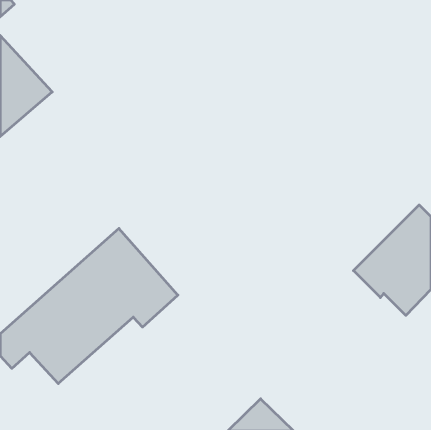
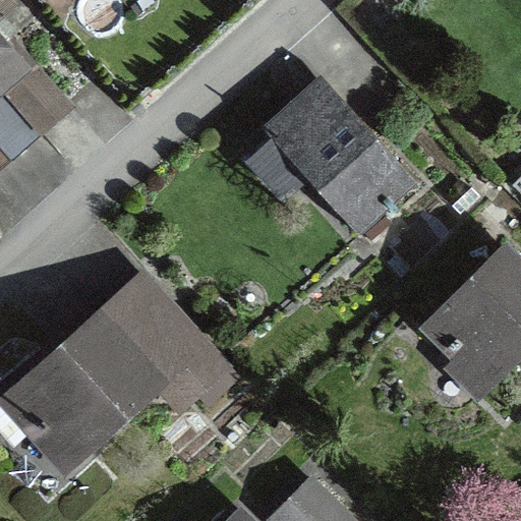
building: none -> [251,74,417,235]

